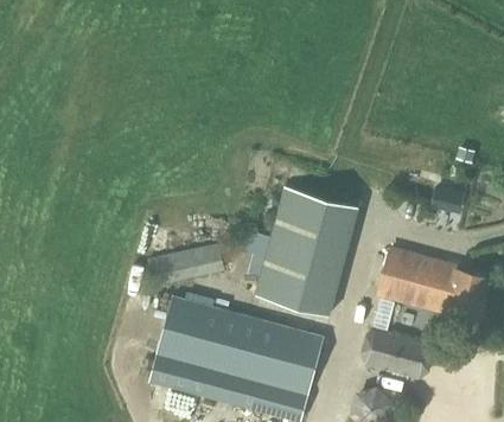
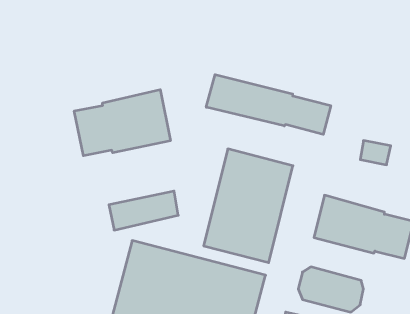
building: none -> [206,75,331,134]
building: none -> [74,90,170,156]

